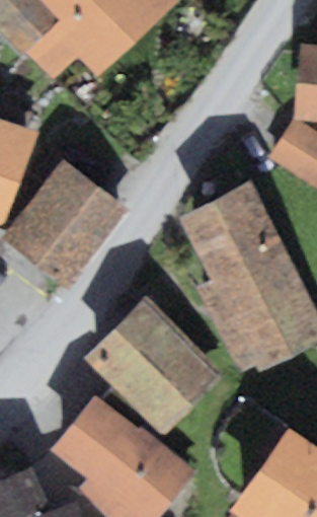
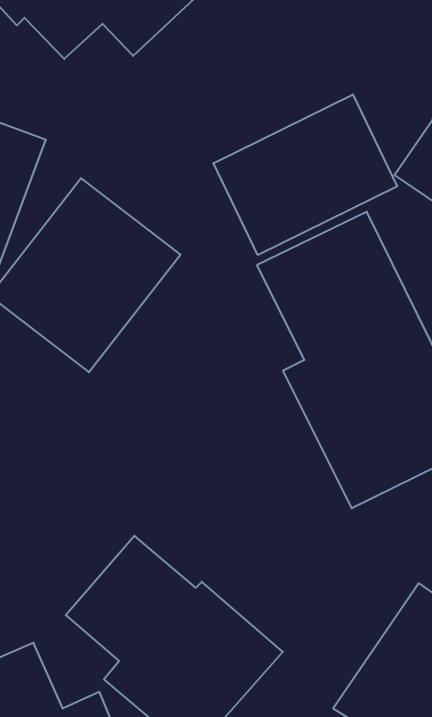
building: none -> [213,94,397,255]
building: [85,295,224,435] -> none

